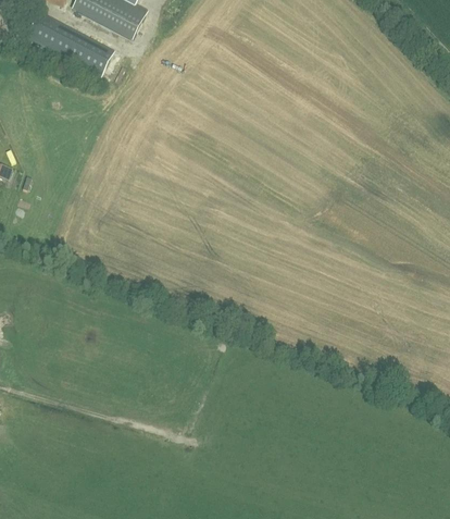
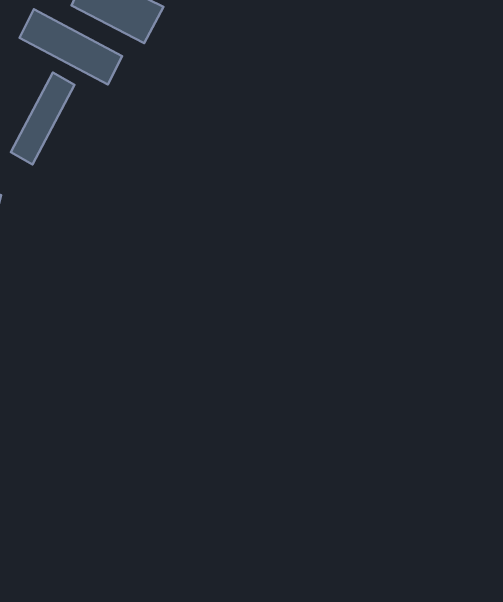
building: none -> [11,72,75,165]

